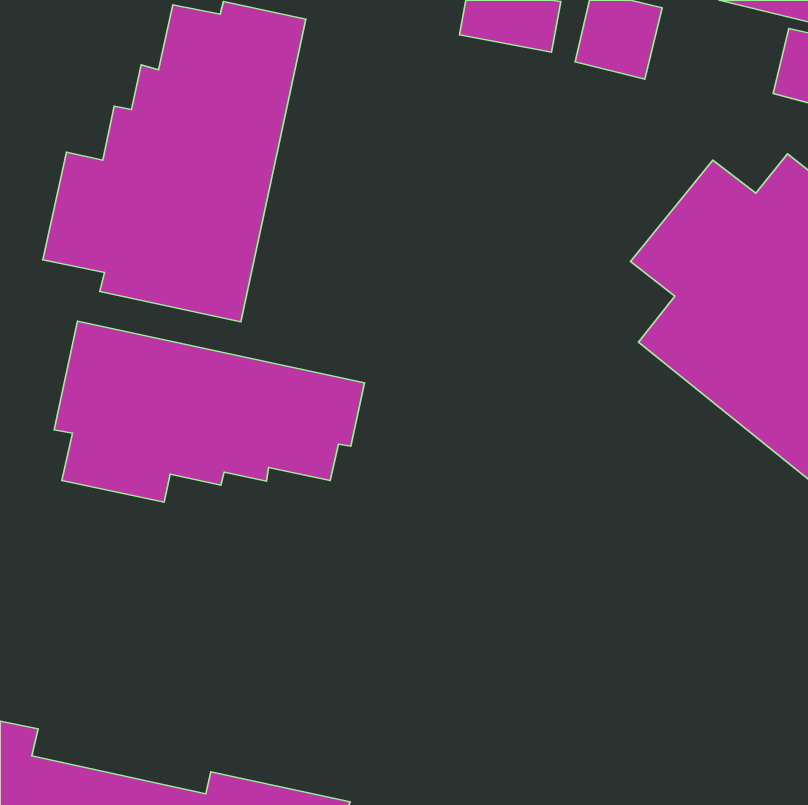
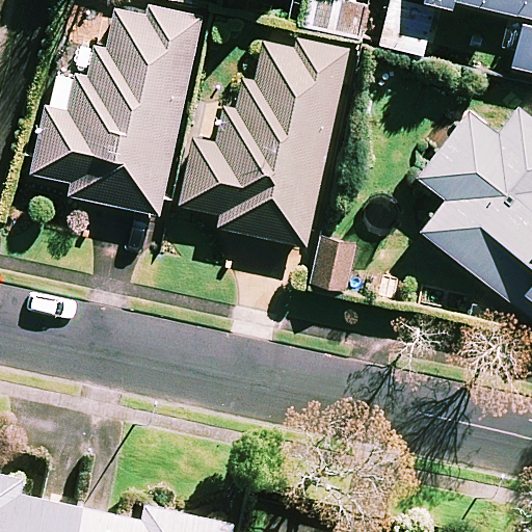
building: none -> [178,36,348,246]
building: [54,321,365,502] -> none

